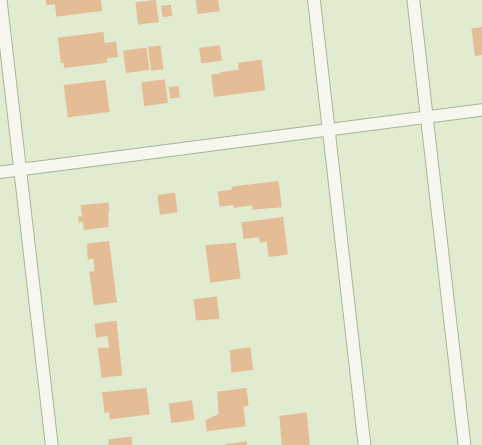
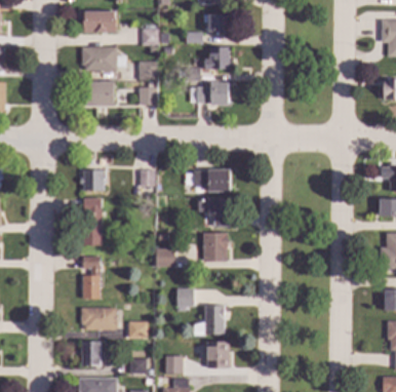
building: none -> [204,45,233,68]
building: [204,242,241,283] -> [203,232,227,261]
building: [205,387,250,432] -> [194,305,228,334]

